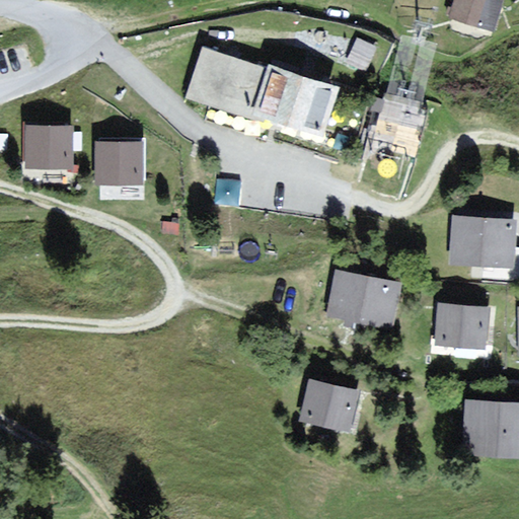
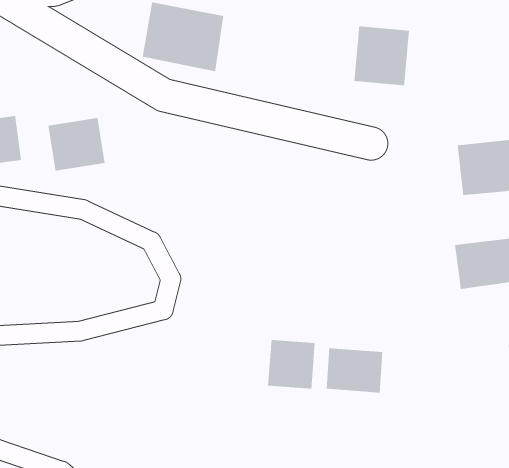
building: [250,65,343,142] -> none
building: [329,270,396,329] -> none
building: none -> [267,339,315,390]

